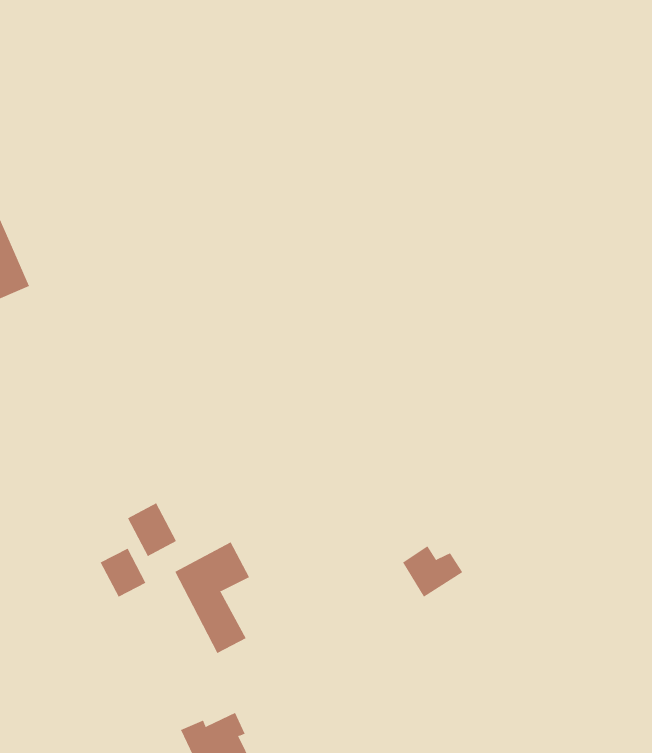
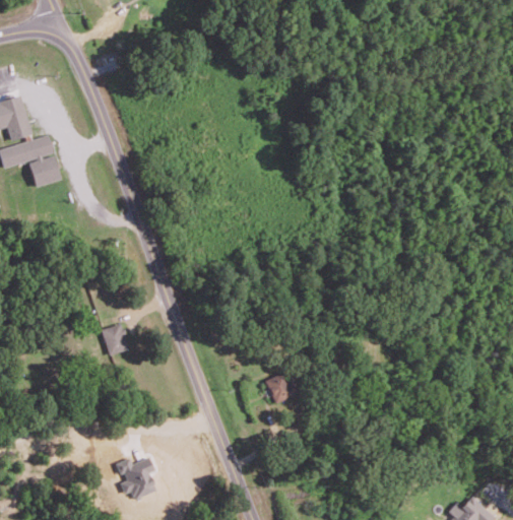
building: [175,542,250,654] -> none
building: [100,548,146,597] -> none

